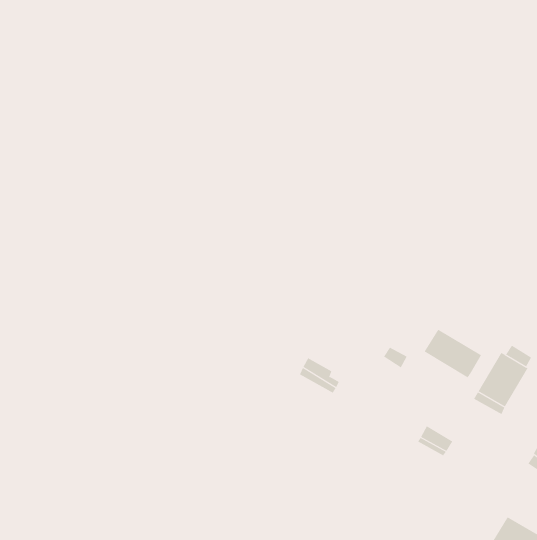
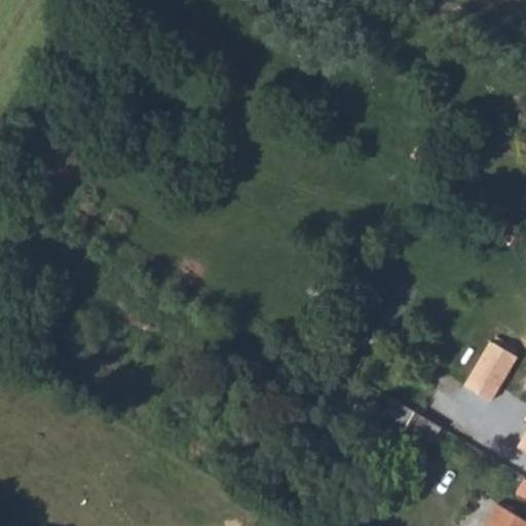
building: [424,329,482,378] -> none

